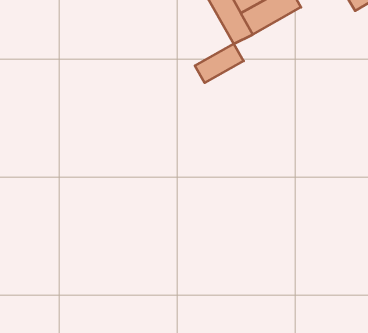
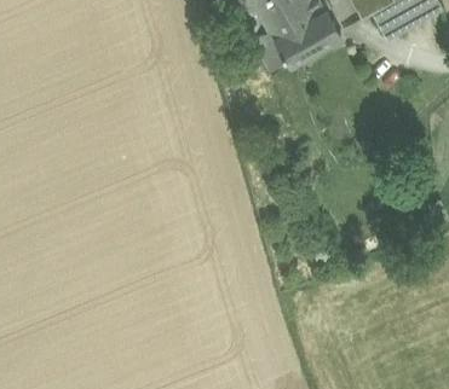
building: [195,44,244,83] -> none

